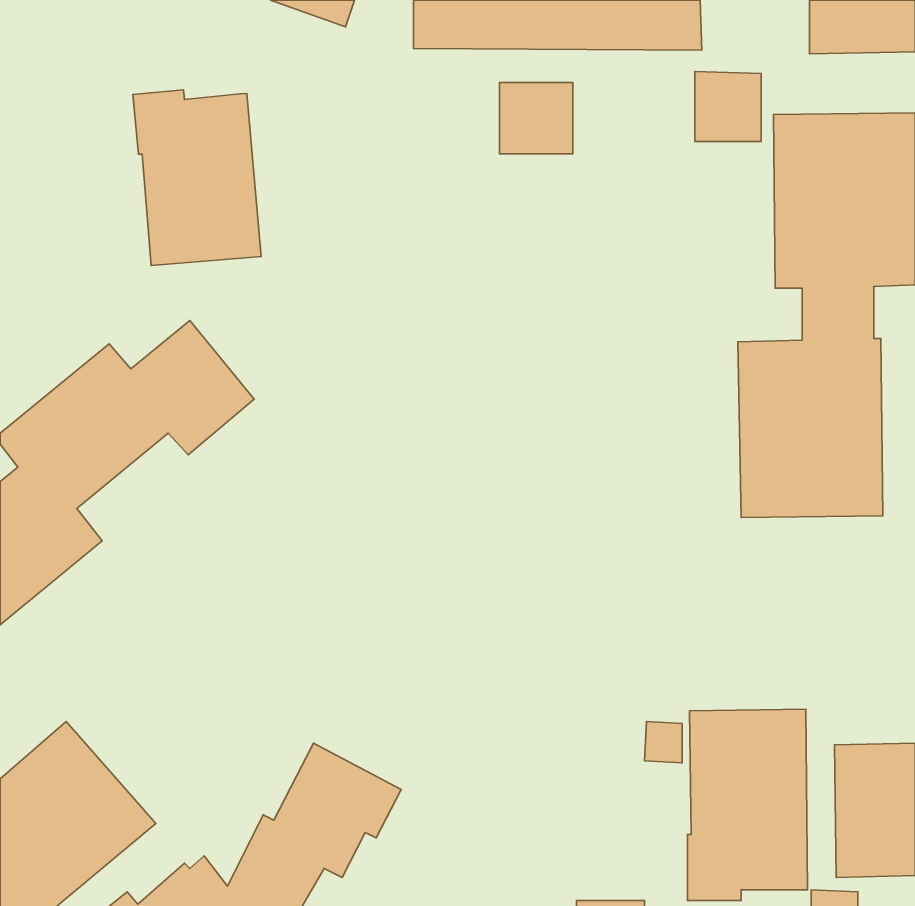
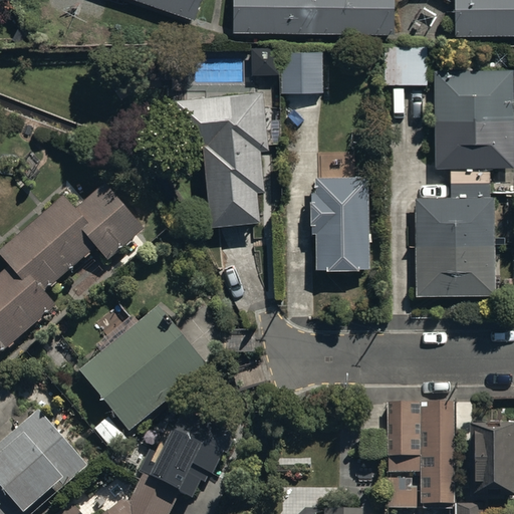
building: [133,90,261,265] -> none
building: none -> [176,91,268,221]
building: none -> [309,174,368,266]
building: none -> [80,306,207,430]

